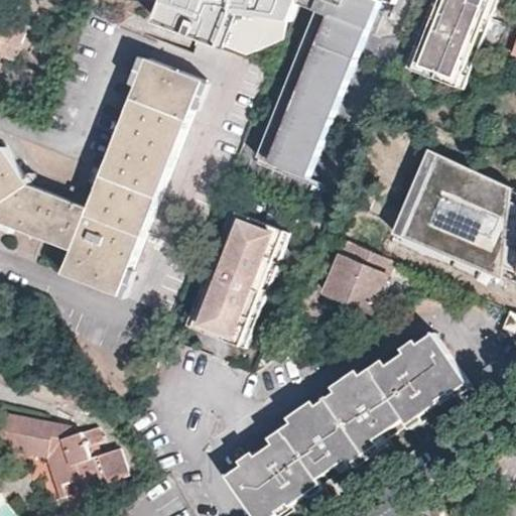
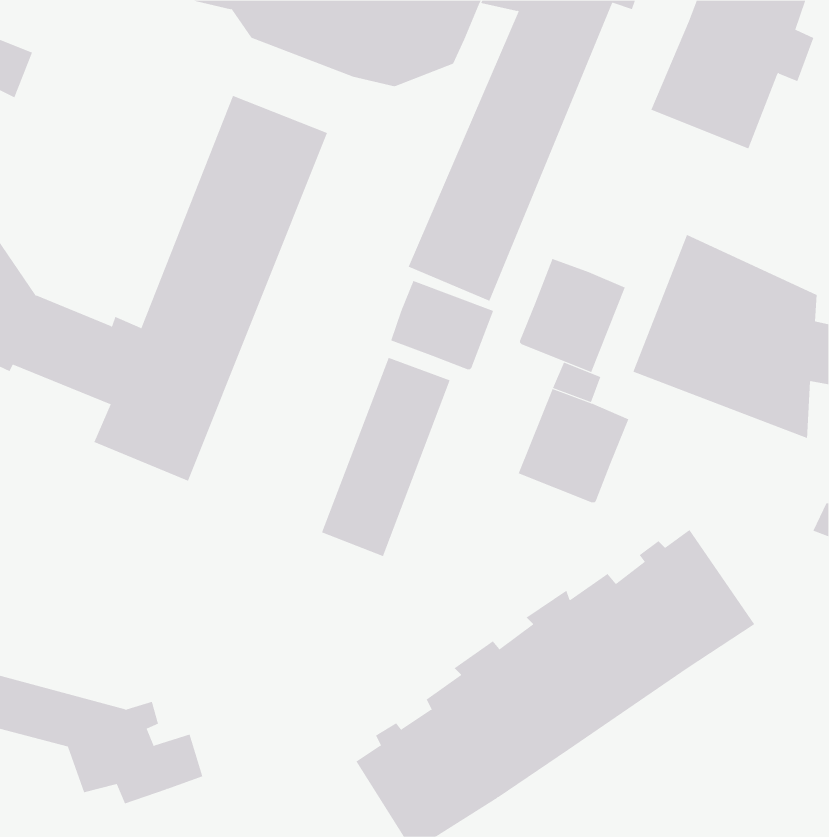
building: none -> [519,258,626,373]
building: none -> [391,280,494,370]

